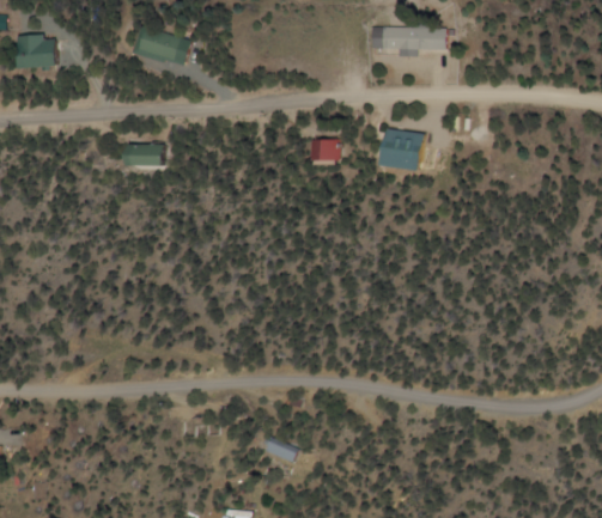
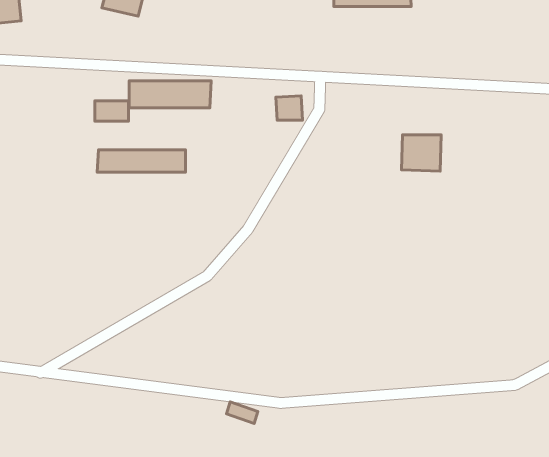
building: none -> [129,81,211,108]
building: [381,133,420,169] -> [401,135,441,171]
building: none -> [97,150,185,172]

